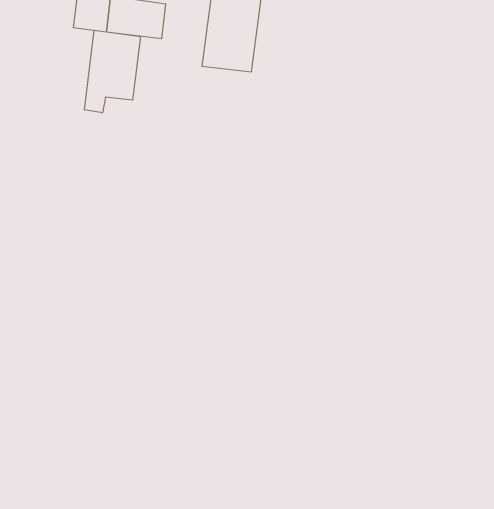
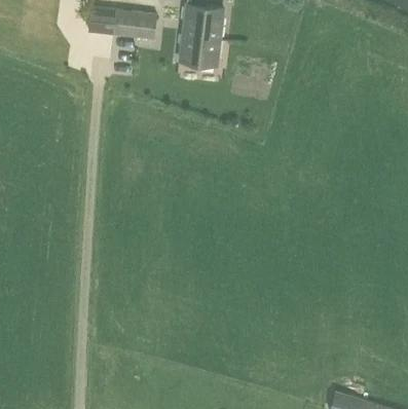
building: [85,30,140,113] -> none

